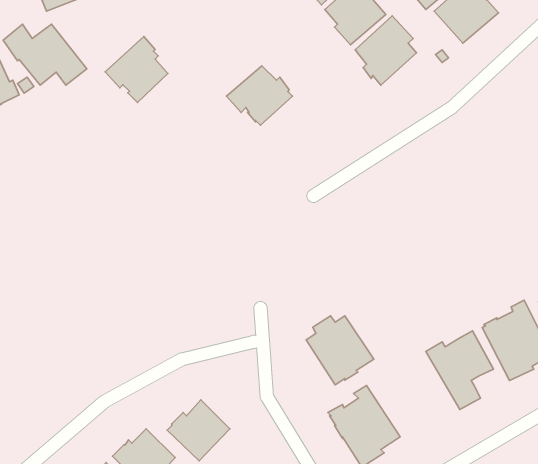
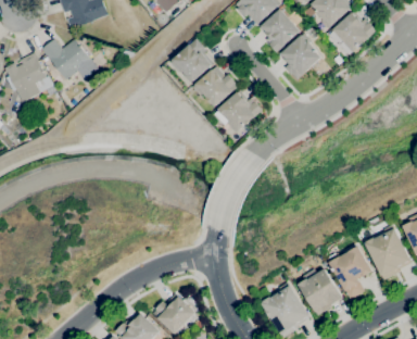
building: [105,37,168,102] -> [172,38,214,83]
building: none -> [219,90,263,134]
building: [306,316,374,385] -> [299,268,344,315]

